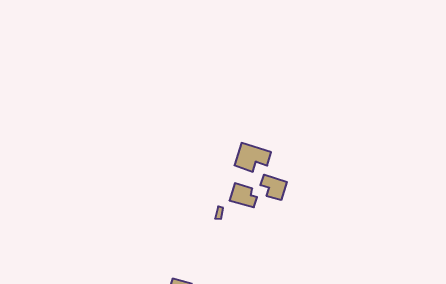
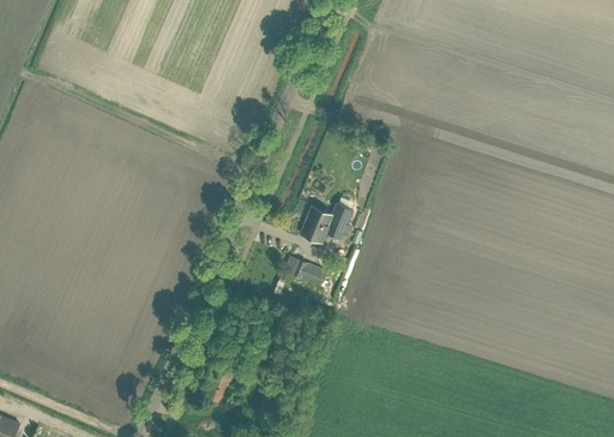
building: [260,175,287,200] -> none

